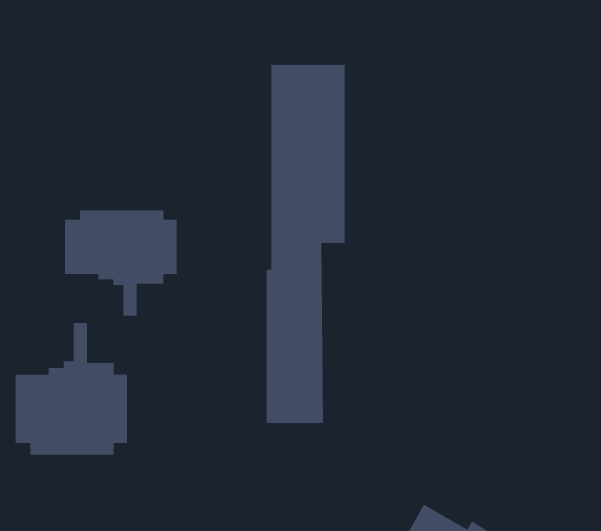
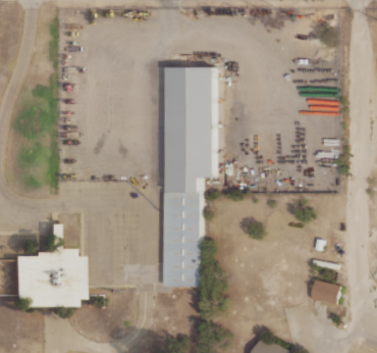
building: [64,209,178,316] -> none
building: none -> [311,281,340,304]

